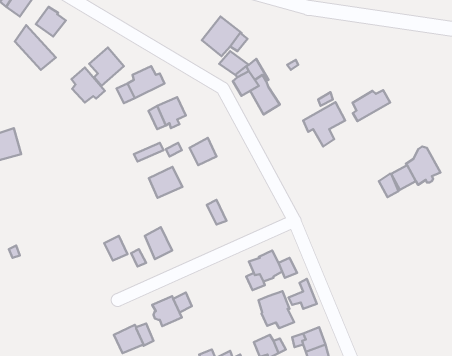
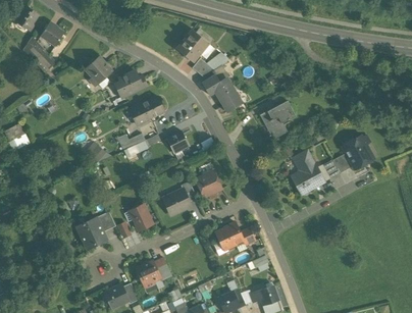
building: [72,68,105,103] -> none
building: [353,90,390,121] -> none
building: none -> [293,151,323,194]
building: [149,167,182,198] -> [163,190,191,215]
building: none -> [196,171,221,198]
building: none -> [75,217,106,249]
building: [259,291,294,328] -> none

